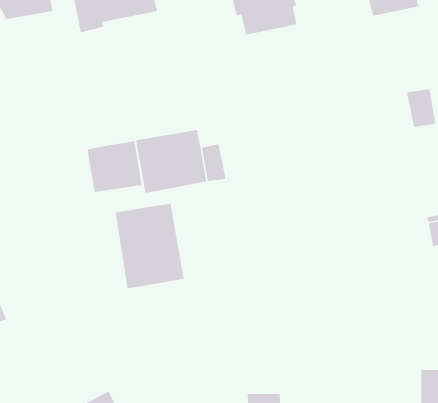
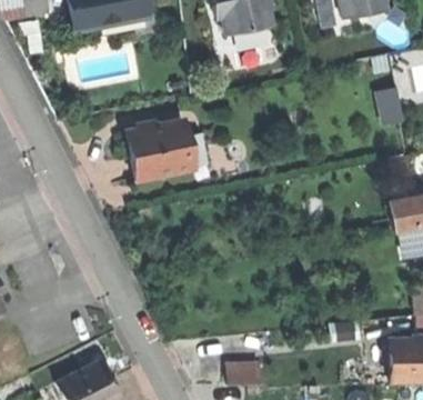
building: [87,140,143,193] -> none
building: [115,203,185,289] -> none

